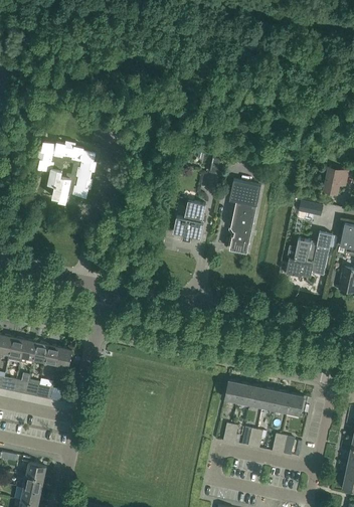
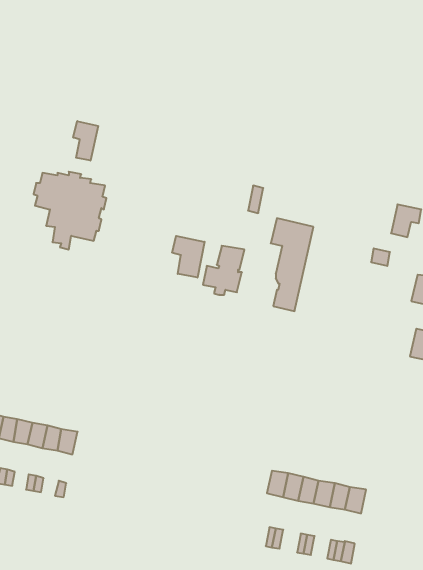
building: none -> [73,121,98,161]
building: none -> [172,236,205,278]
building: [286,231,333,276] -> none

